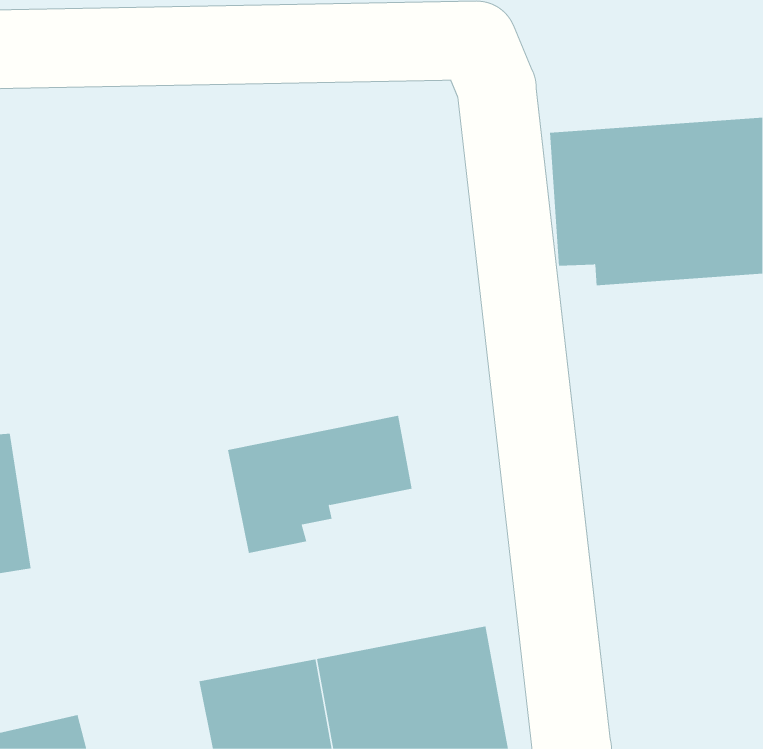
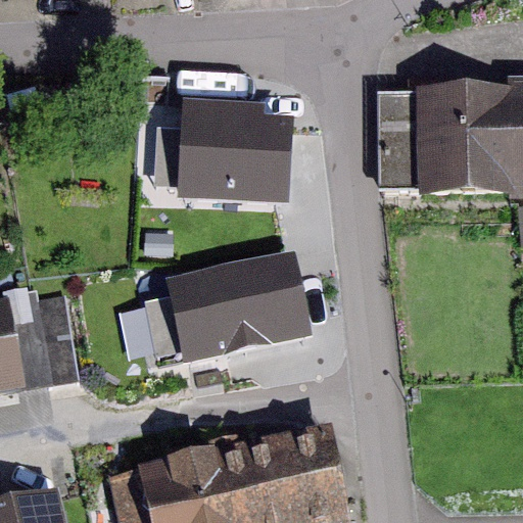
building: none -> [176,109,291,220]
building: none -> [15,289,80,386]

